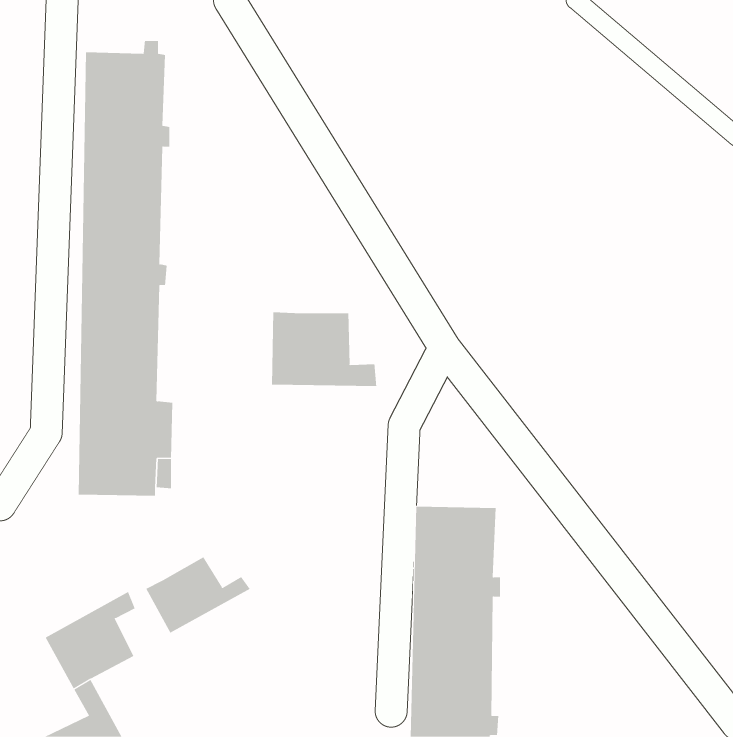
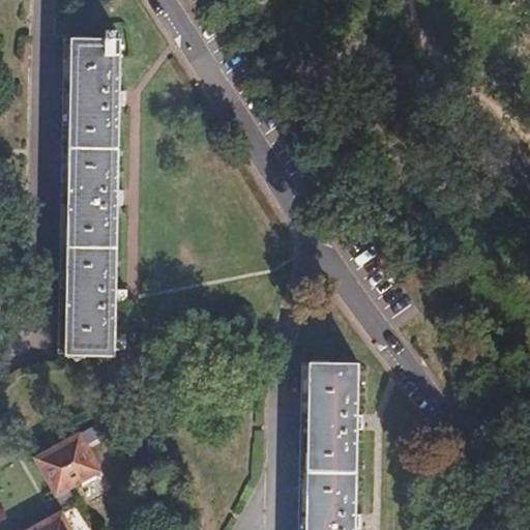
building: [271,311,377,387] -> none
building: [145,556,251,634] -> none

